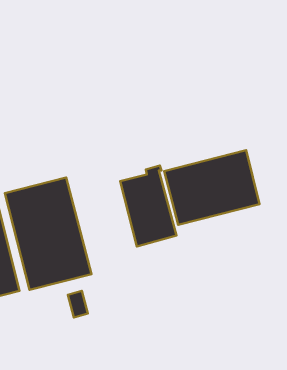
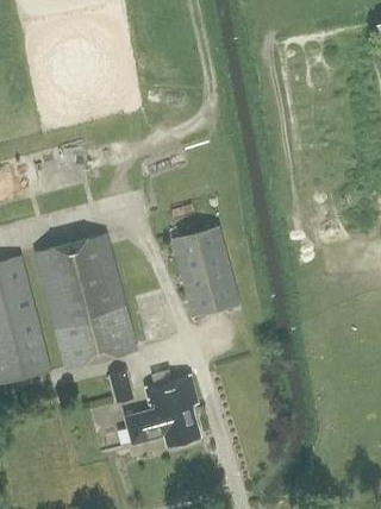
building: [164,150,259,225] -> none
building: none -> [123,376,199,447]

